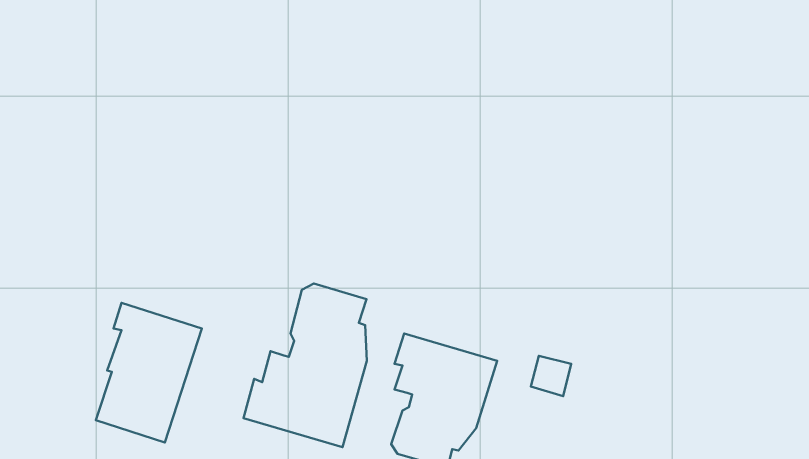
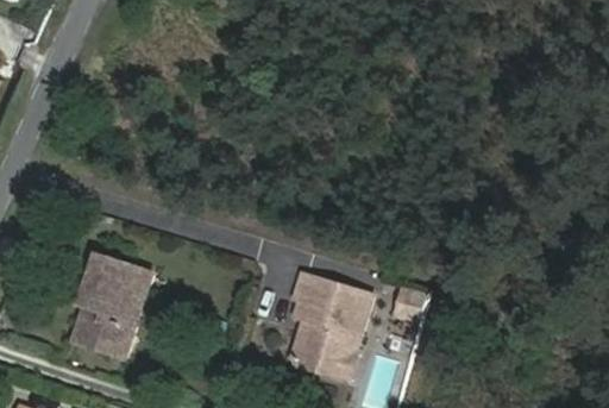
building: [243,283,367,447] -> none

